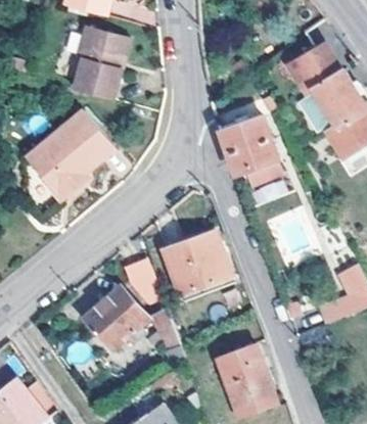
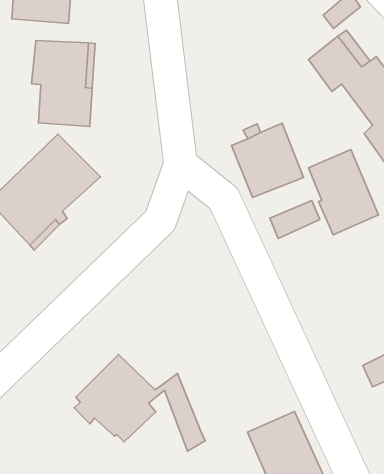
building: none -> [308,150,378,235]
building: [169,230,235,292] -> none
building: [124,254,163,305] -> none

